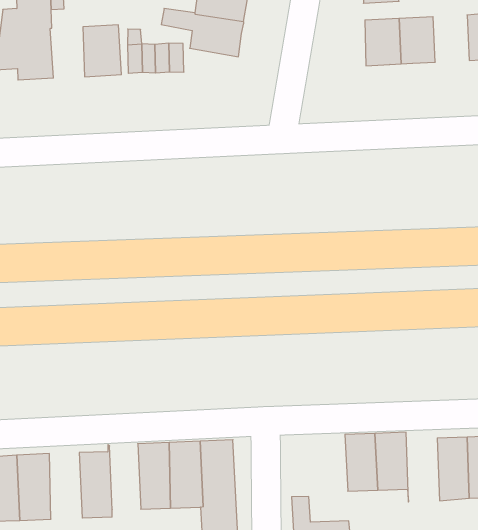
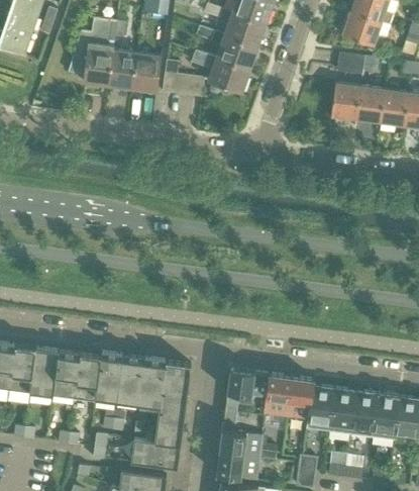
building: none -> [380,89,408,124]
building: none -> [108,50,135,88]
building: none -> [306,379,334,431]
building: none -> [224,368,270,413]
building: none -> [96,352,122,400]
building: none -> [51,350,80,399]

